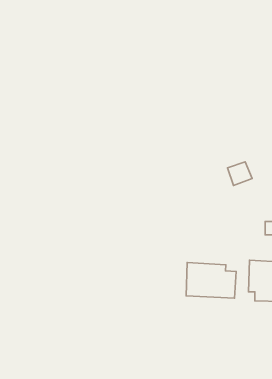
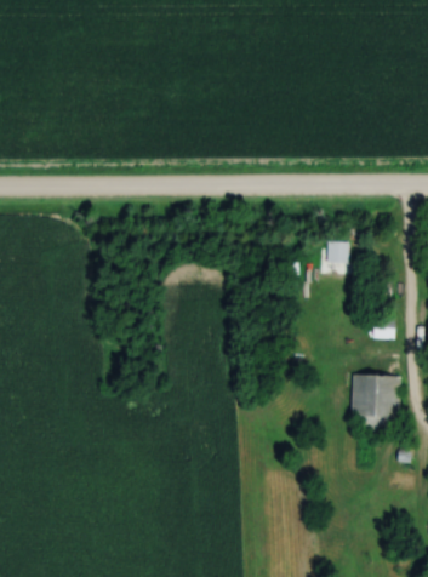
building: [186,263,236,298] -> none

